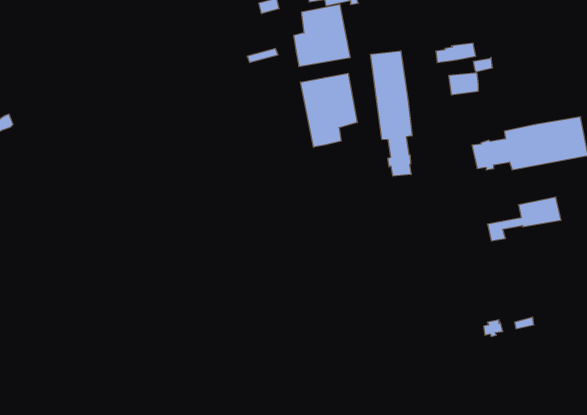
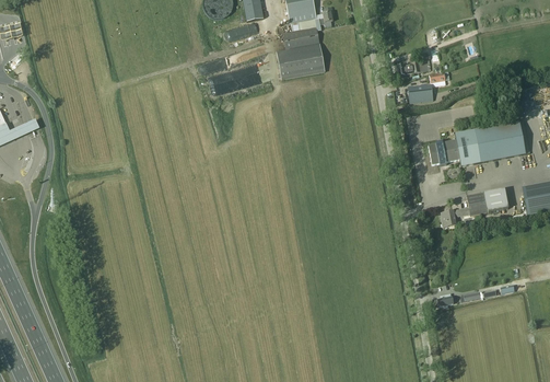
building: [370,51,412,176] -> none
building: [300,73,357,147] -> none

